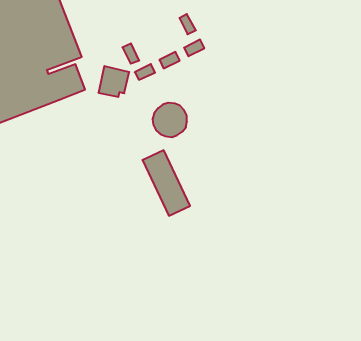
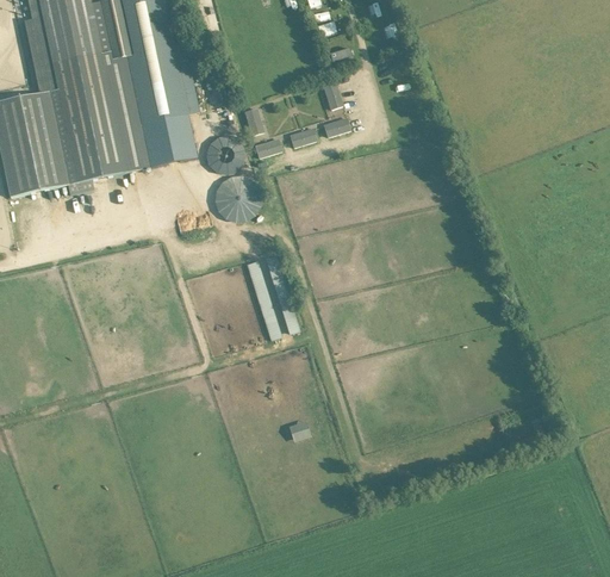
building: [152,103,187,137] -> [216,174,261,219]

